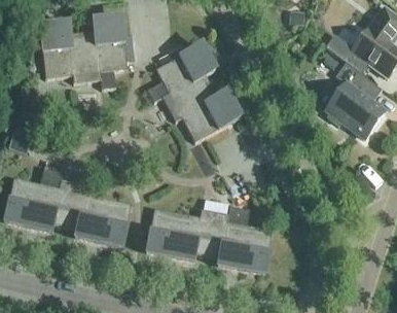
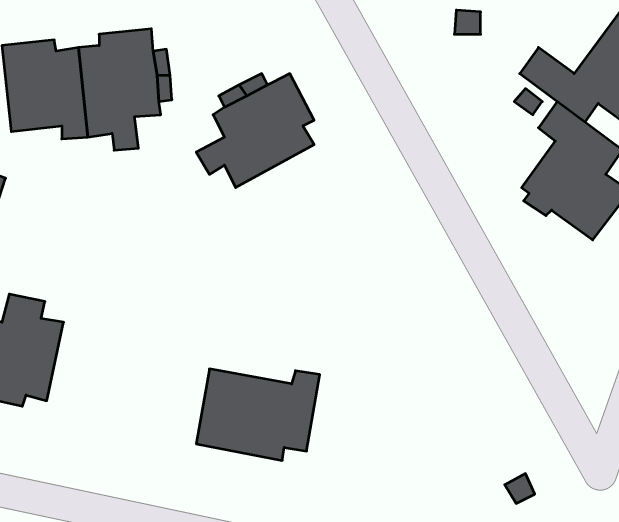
building: [169,85,238,142] -> none
building: [65,183,132,246] -> none
building: [208,206,274,272] -> none

